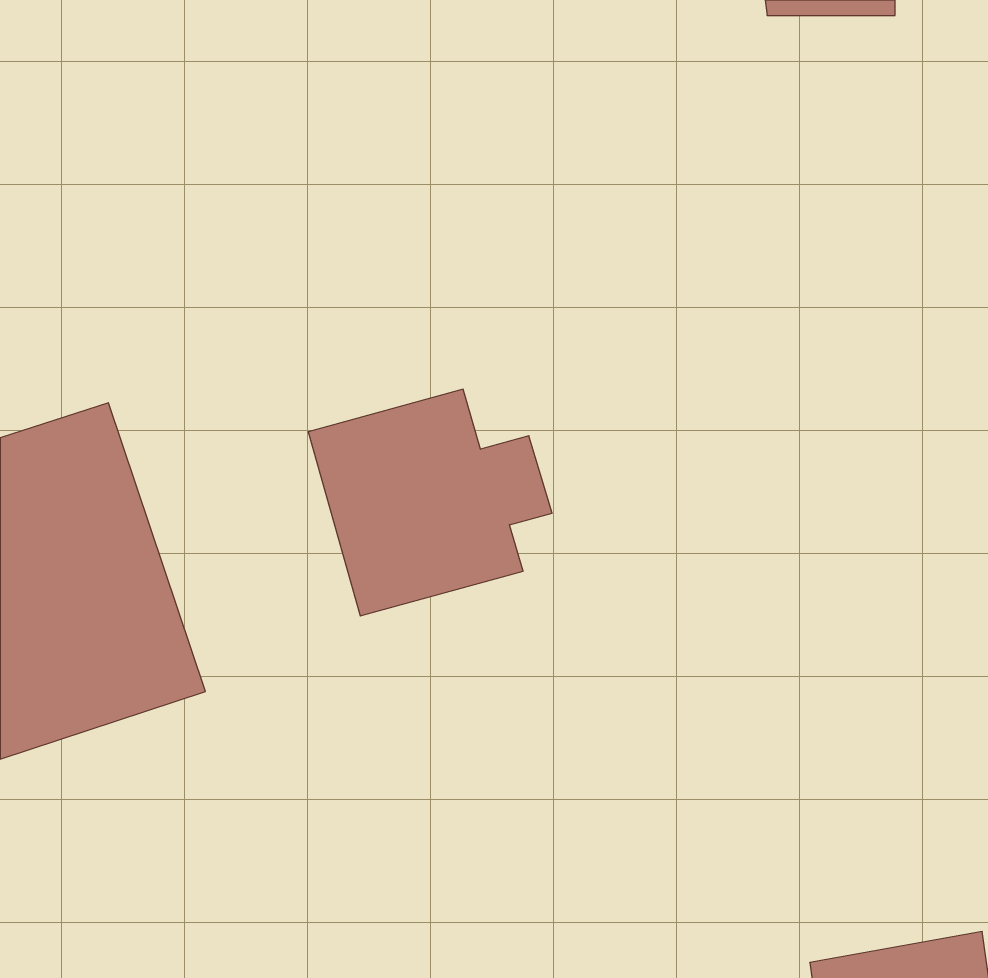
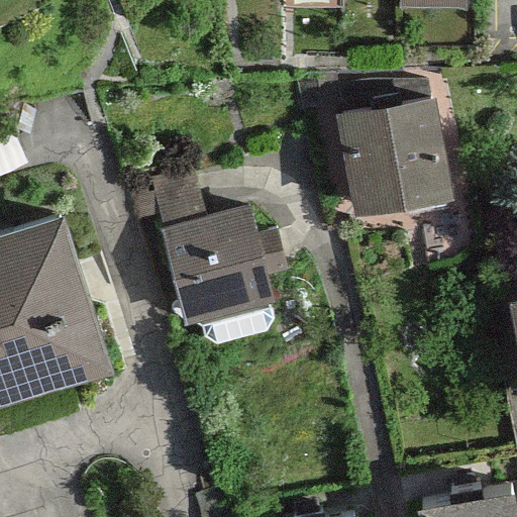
building: none -> [335,98,449,212]

